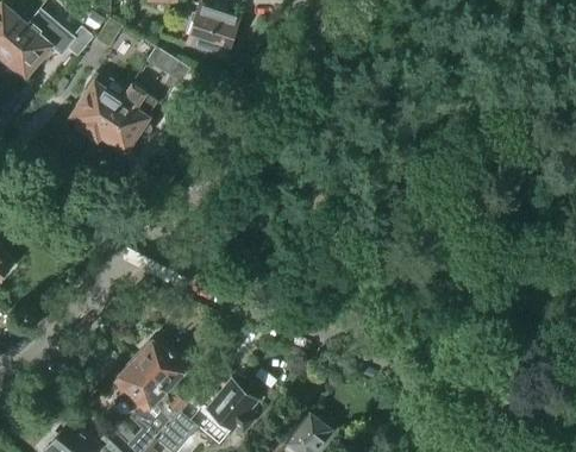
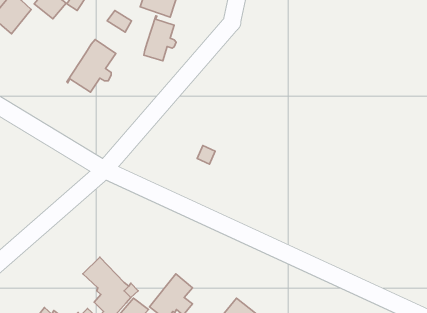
building: none -> [144,16,176,61]
building: [71,74,125,138] -> none
building: [136,339,184,393] -> none

